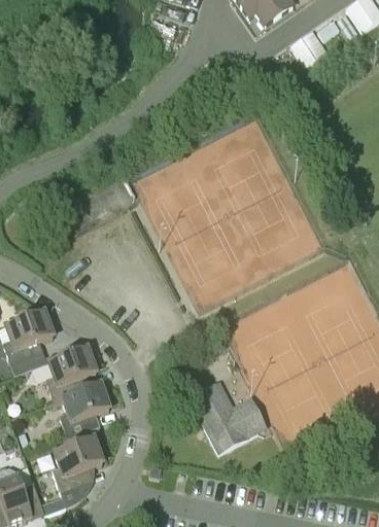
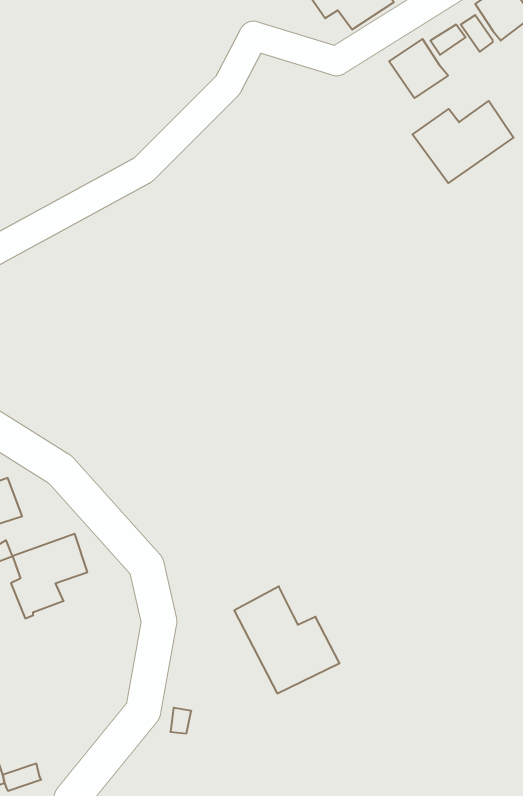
building: none -> [412,101,514,183]
building: [61,384,110,437] -> none
building: [54,438,103,492] -> none

